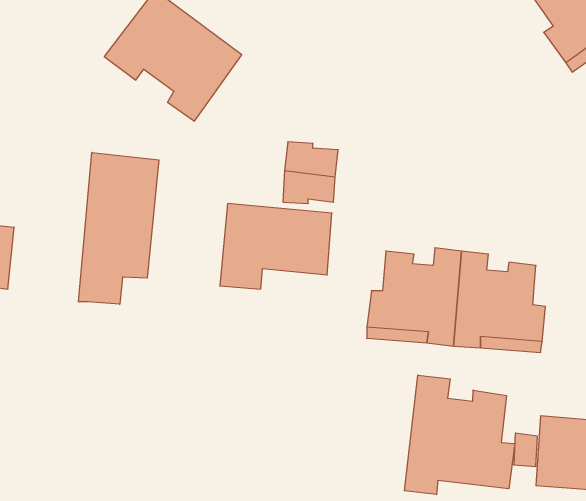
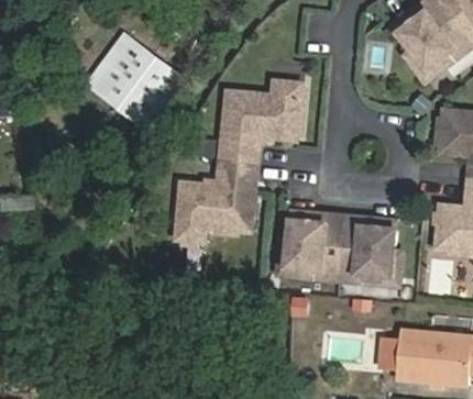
building: none -> [220,79,299,138]
building: [78,152,159,304] -> none
building: [404,375,515,495] -> none

